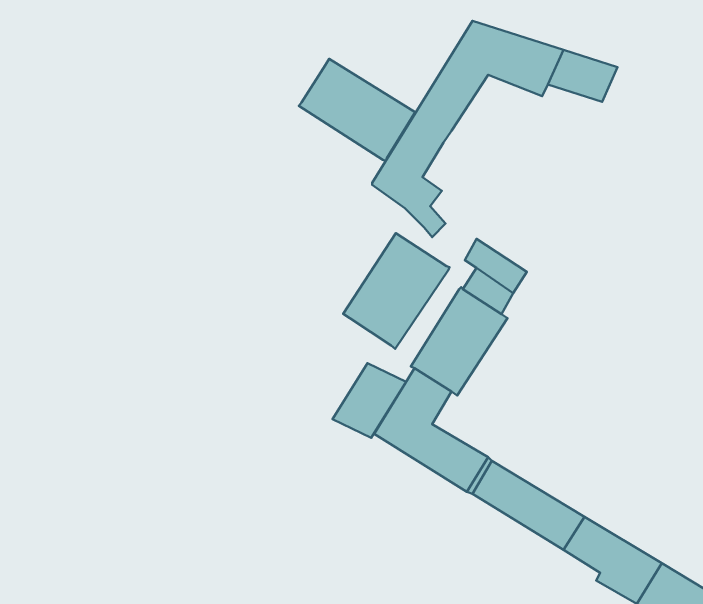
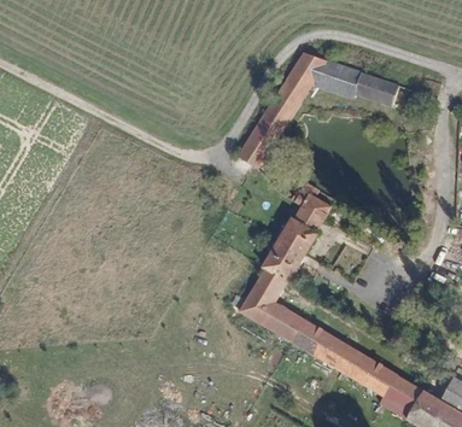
building: [299,59,415,161] -> none
building: [343,233,450,349] -> none
building: [333,363,406,438] -> none

